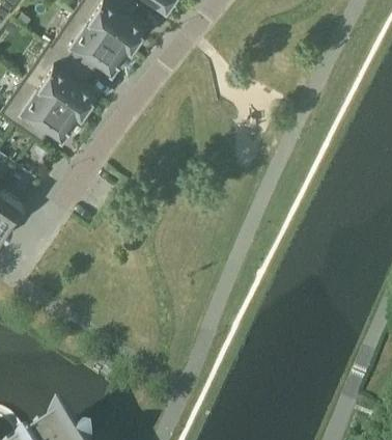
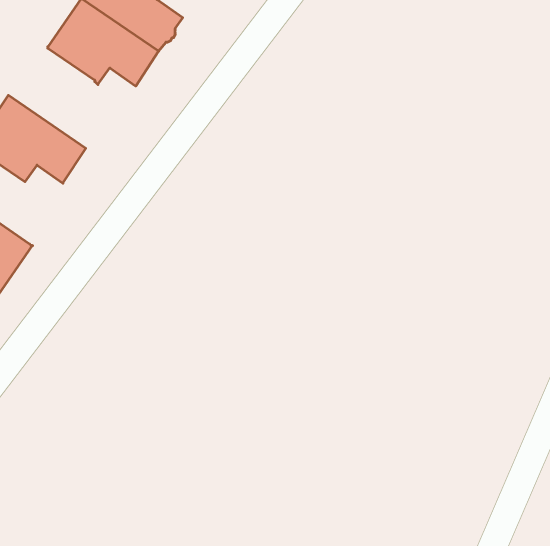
building: [21,54,90,126] -> none

